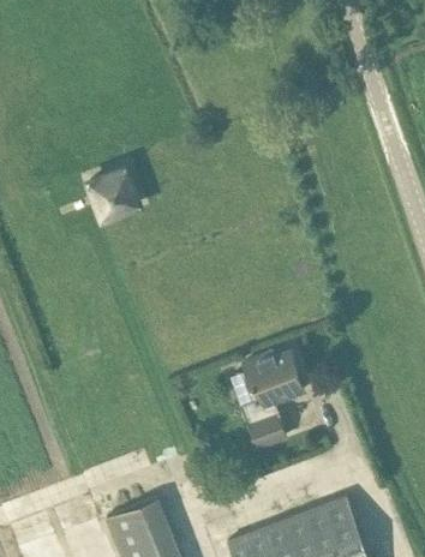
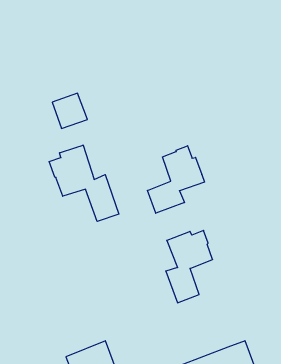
building: none -> [49,145,119,221]
building: none -> [147,146,205,213]

